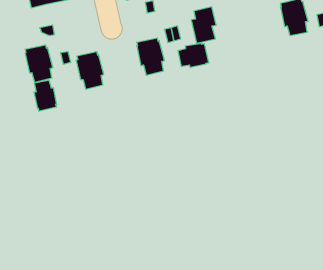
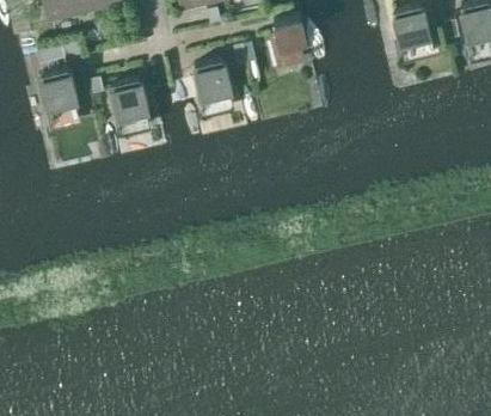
building: [178,43,209,68] -> none
building: [34,80,56,111] -> none

